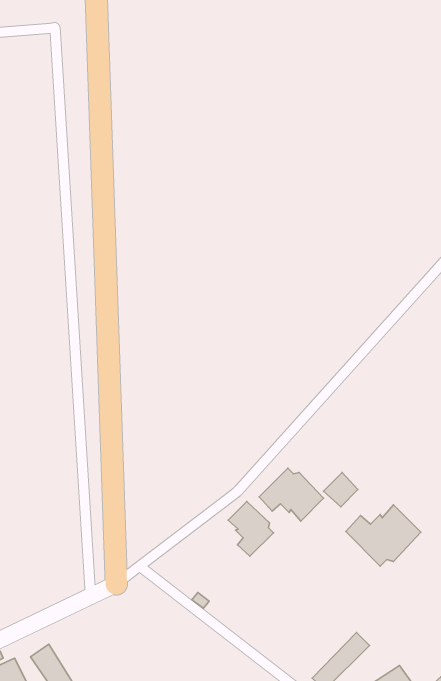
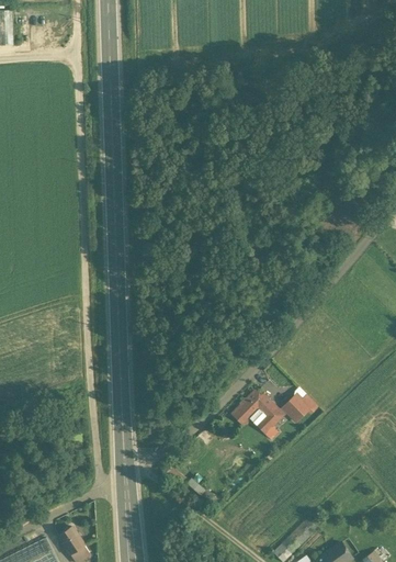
building: [228,502,273,556] -> none
building: [346,505,421,566] -> none

